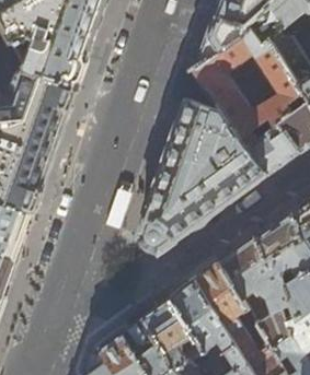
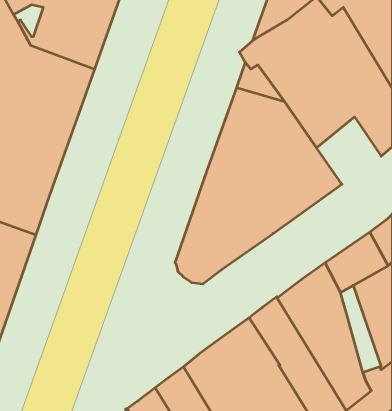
building: [248,124,298,177] -> none

